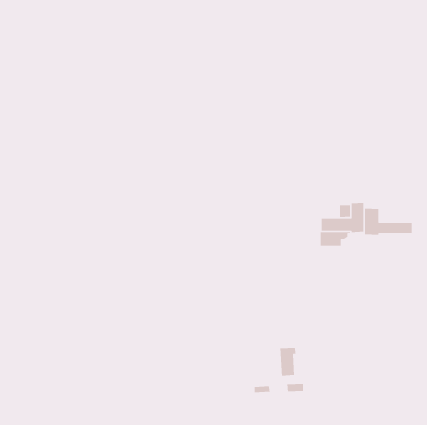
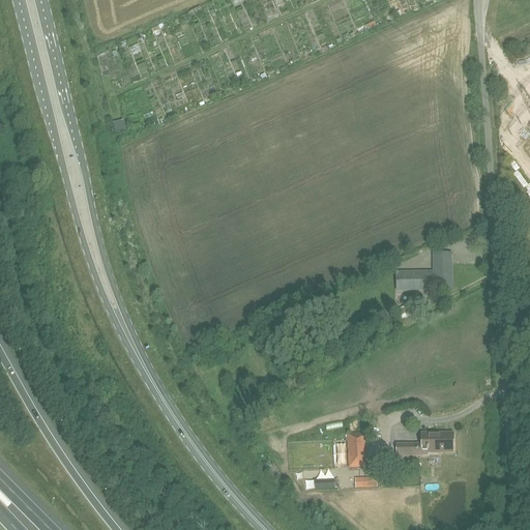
building: [364,208,412,235] -> none
building: none -> [396,430,452,451]

